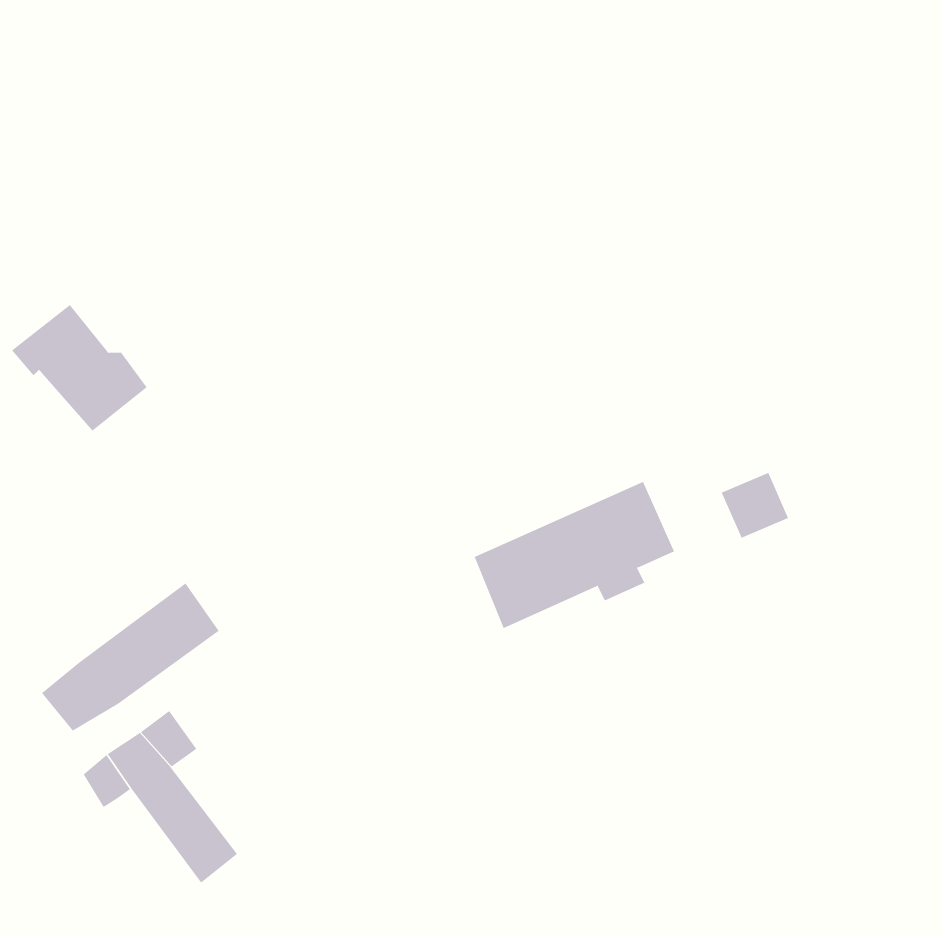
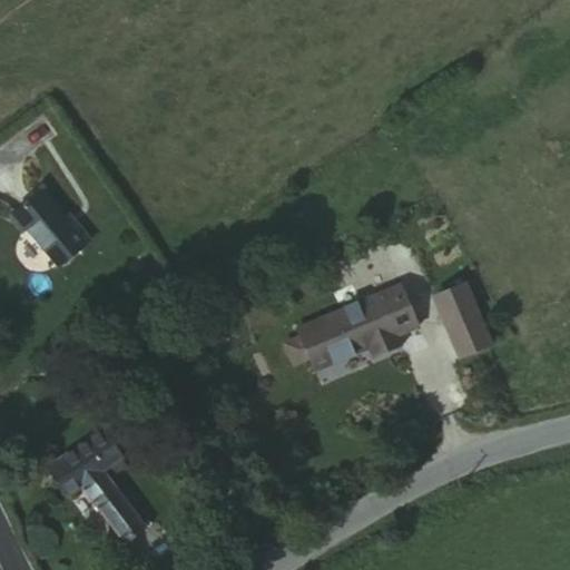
building: none -> [448,313,490,357]
building: [41,582,219,732] -> none

